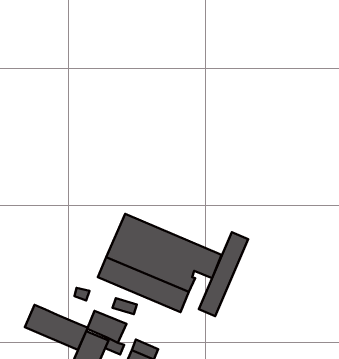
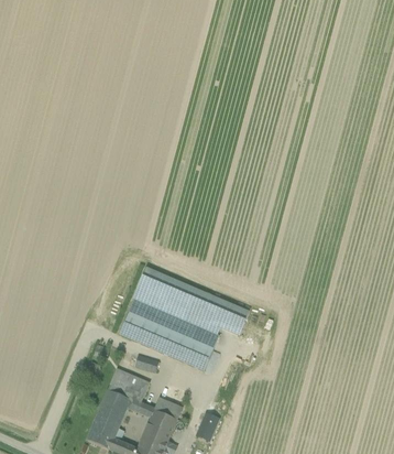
building: [199,232,248,316] -> none
building: [25,305,87,350] -> none

